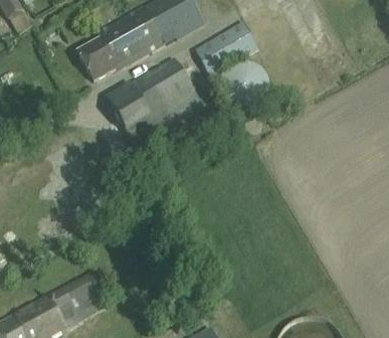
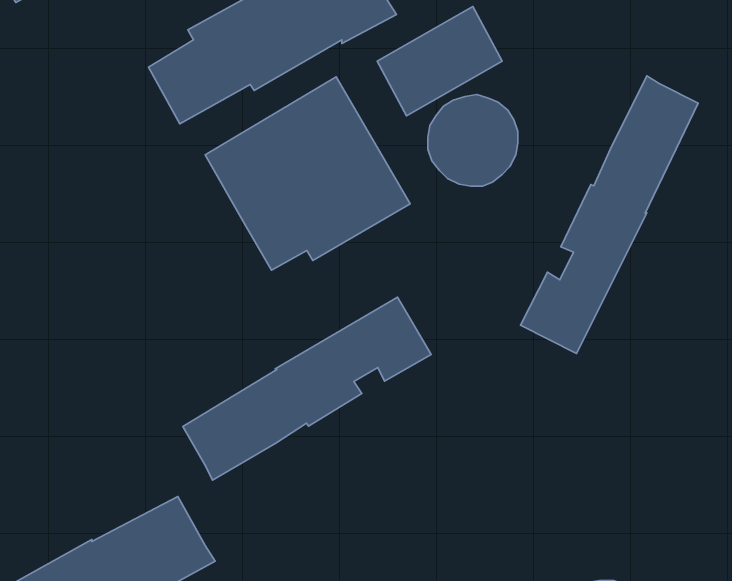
building: none -> [520,76,698,353]
building: none -> [183,297,431,480]

